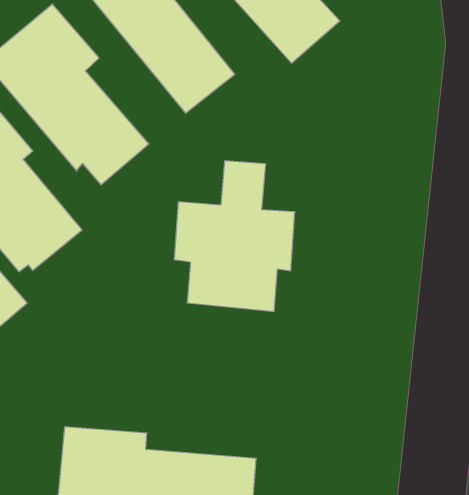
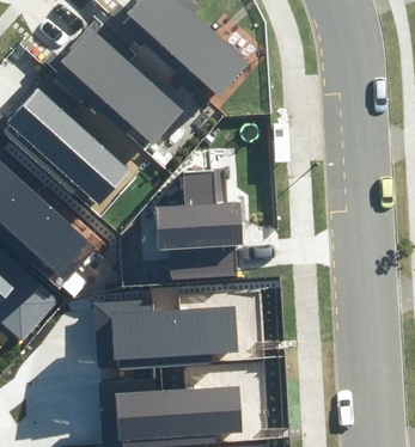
building: none -> [94,299,239,368]

